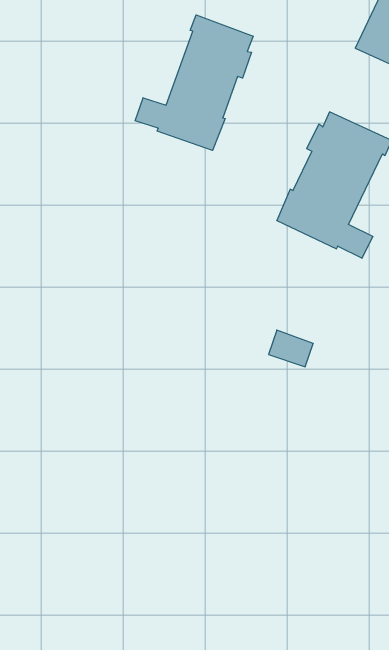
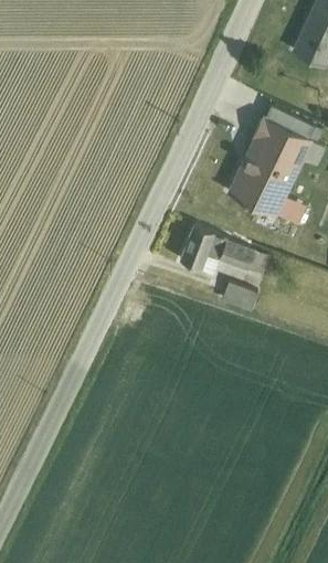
building: [135,15,253,150] -> none
building: none -> [179,225,269,276]

